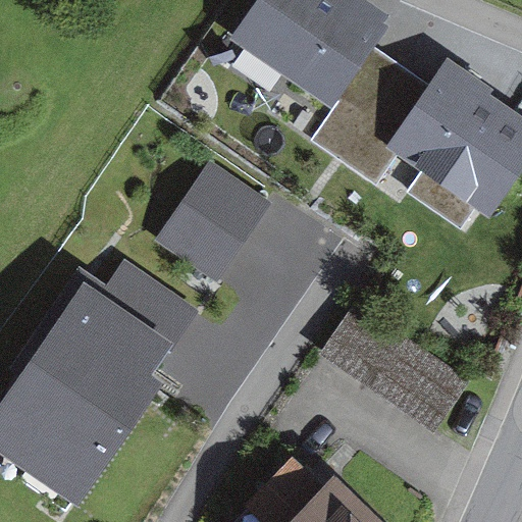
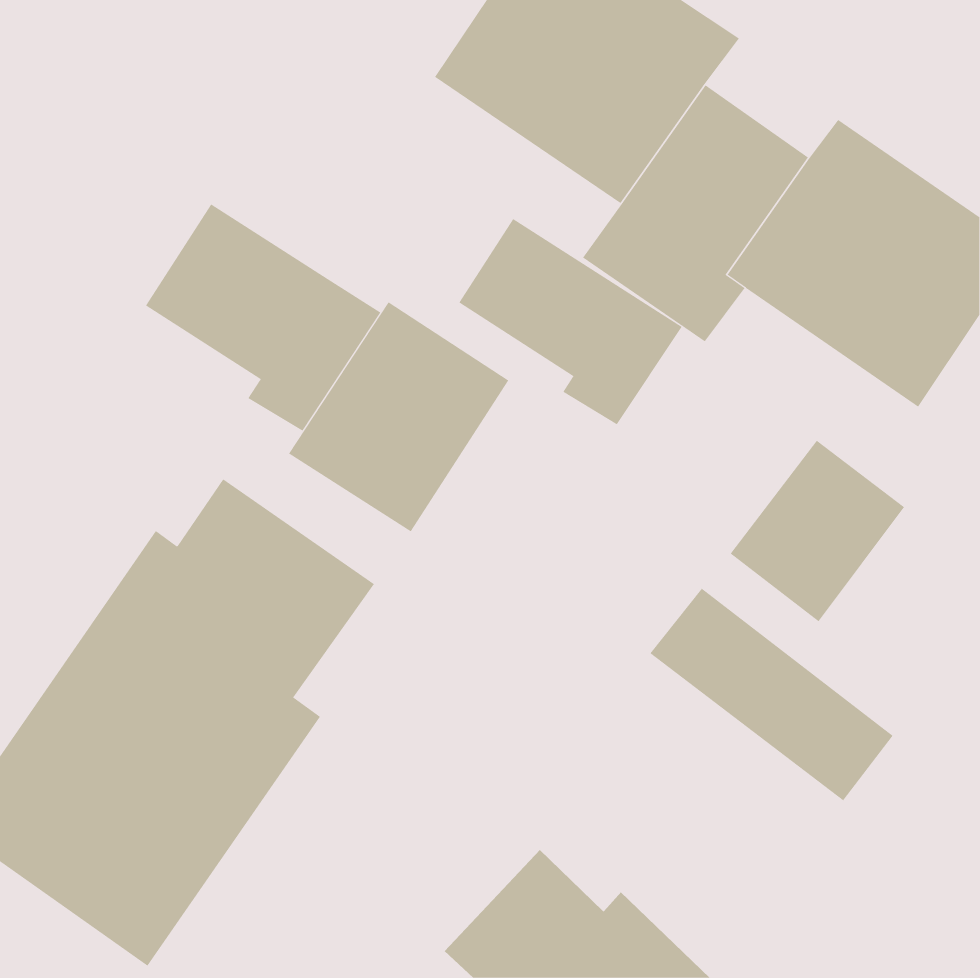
building: none -> [145,203,381,431]
building: none -> [459,218,682,425]
building: none -> [730,440,905,622]

